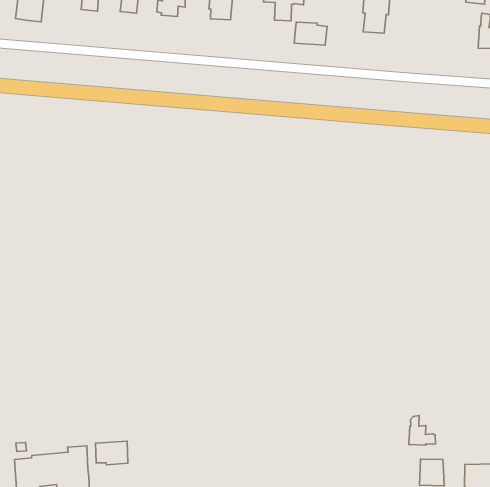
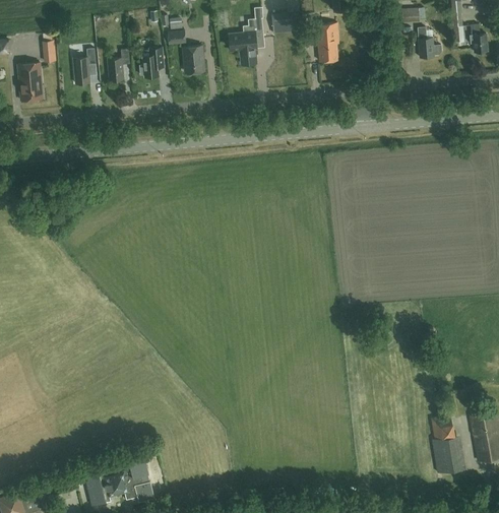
building: [294,22,327,45] -> none
building: [409,416,436,445] -> none
building: [96,441,128,465] -> none

